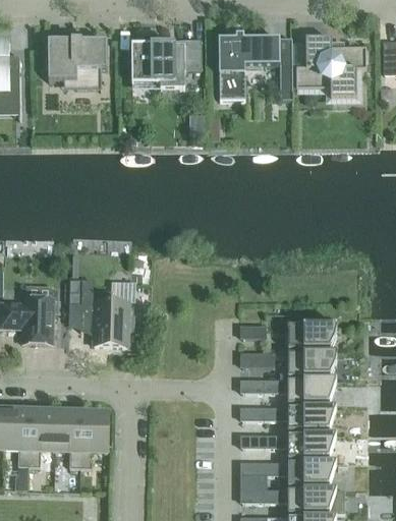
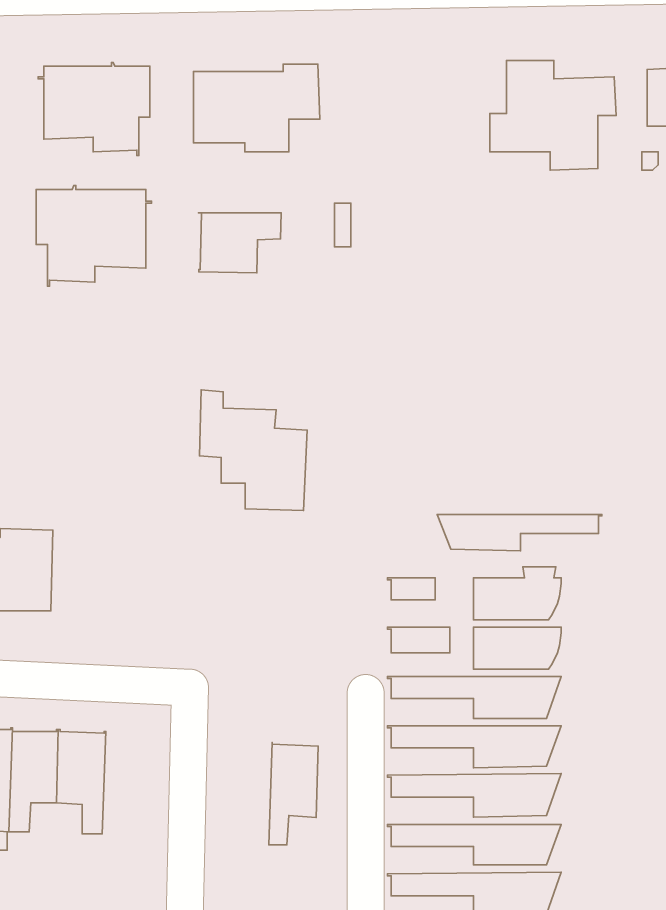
building: [218,38,292,99] -> none
building: none -> [36,185,151,286]
building: none -> [199,213,281,273]
building: [68,279,128,346] -> [199,390,307,511]
building: none -> [437,514,602,551]
building: [80,410,108,467] -> [269,743,318,845]

